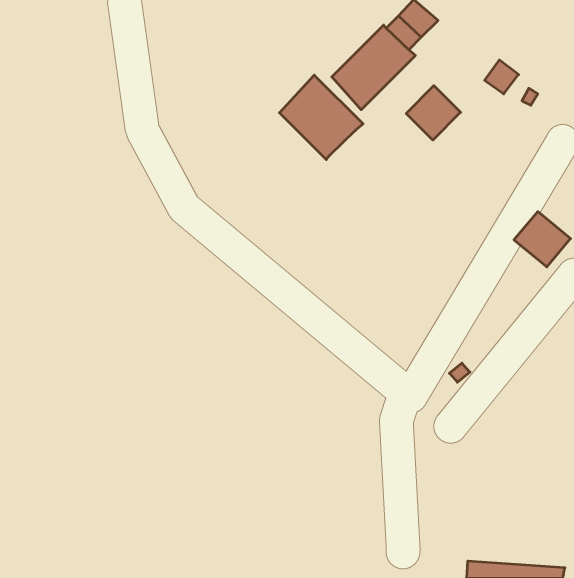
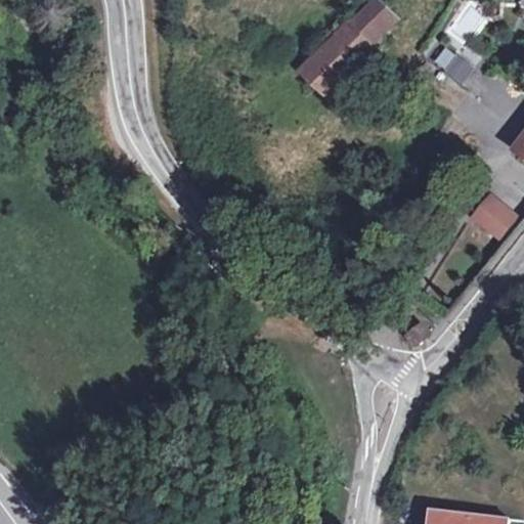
building: [279,75,363,160] -> none
building: [406,86,461,140] -> none

